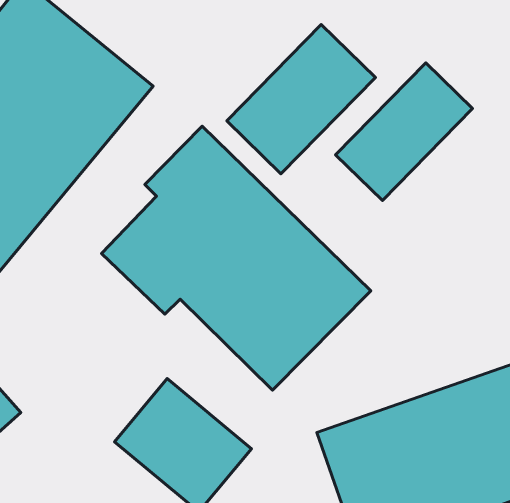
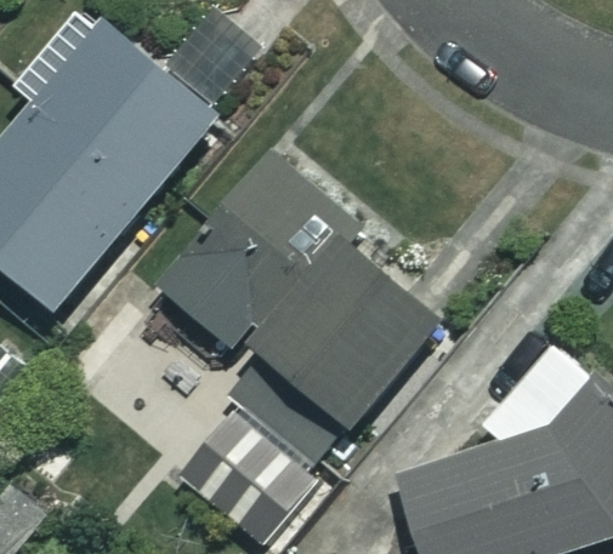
building: [227,24,375,174] -> none
building: [336,63,473,201] -> none

